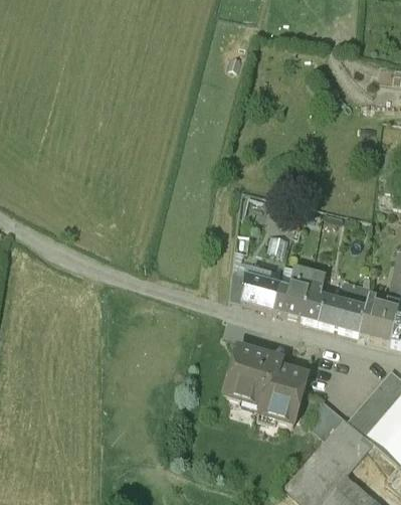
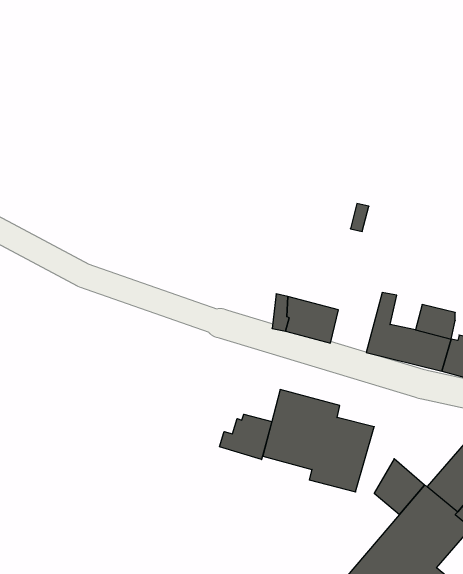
building: [275,266,315,316] -> none
building: none -> [219,414,272,460]

